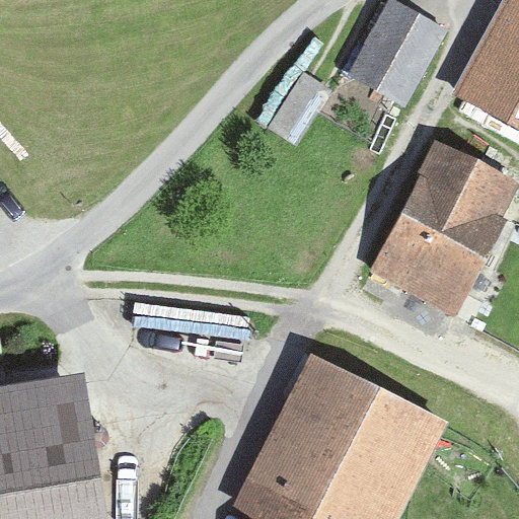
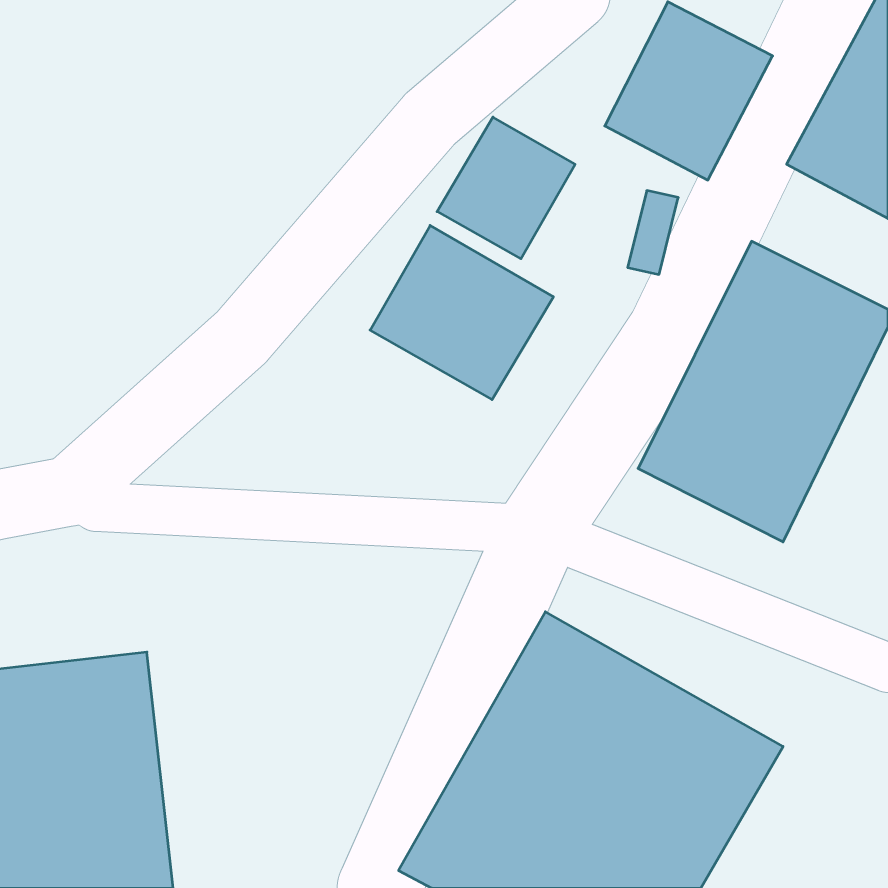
building: none -> [370,225,553,400]

